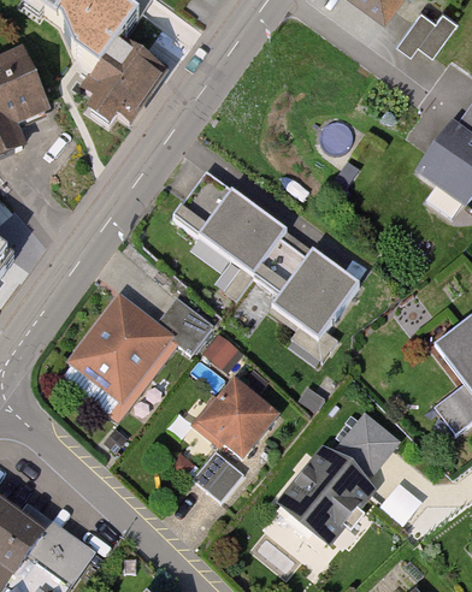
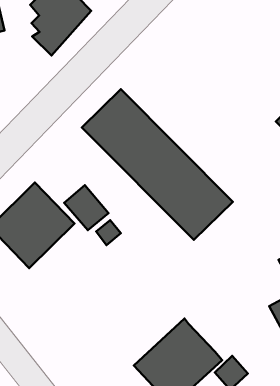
building: [194,373,288,466] -> none
building: [337,412,403,475] -> none
building: [189,450,241,502] -> none

